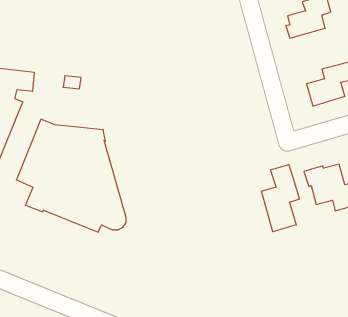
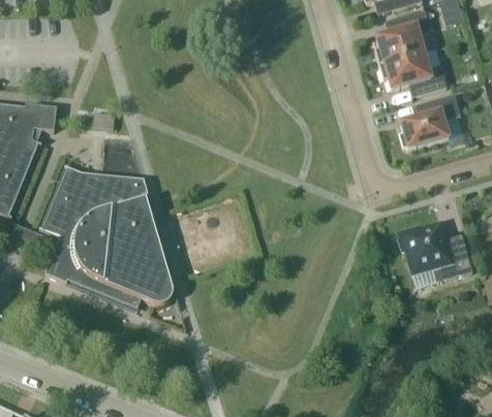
building: none -> [378,51,447,94]
building: [262,164,300,232] -> none

